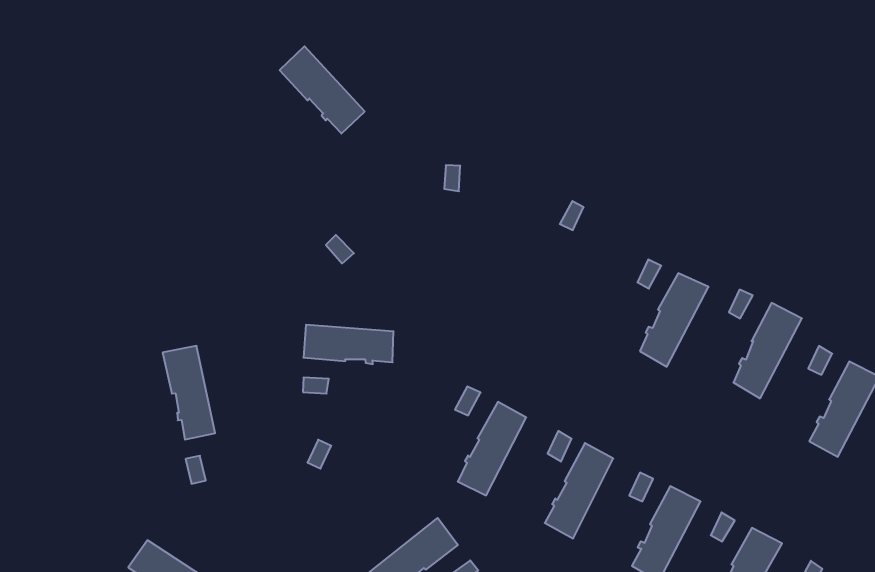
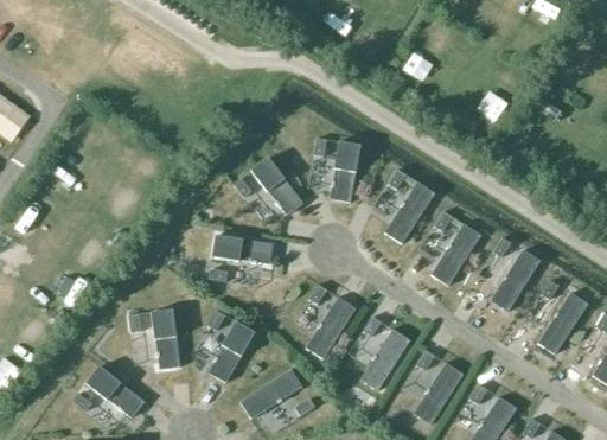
building: [280,46,365,134] -> [249,157,302,216]
building: none -> [328,141,359,203]
building: none -> [385,181,434,242]
building: [163,346,215,440] -> [149,310,179,370]
building: none -> [206,321,254,383]

